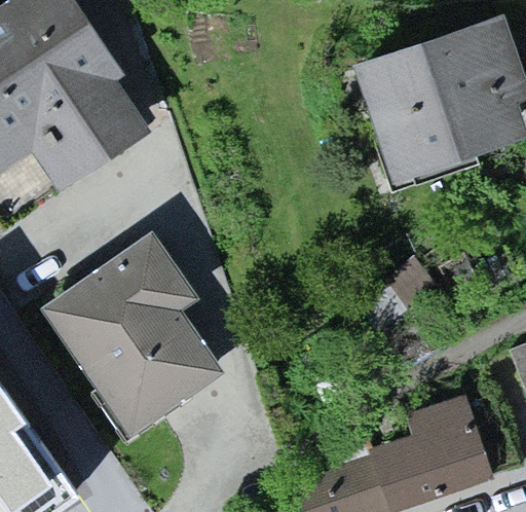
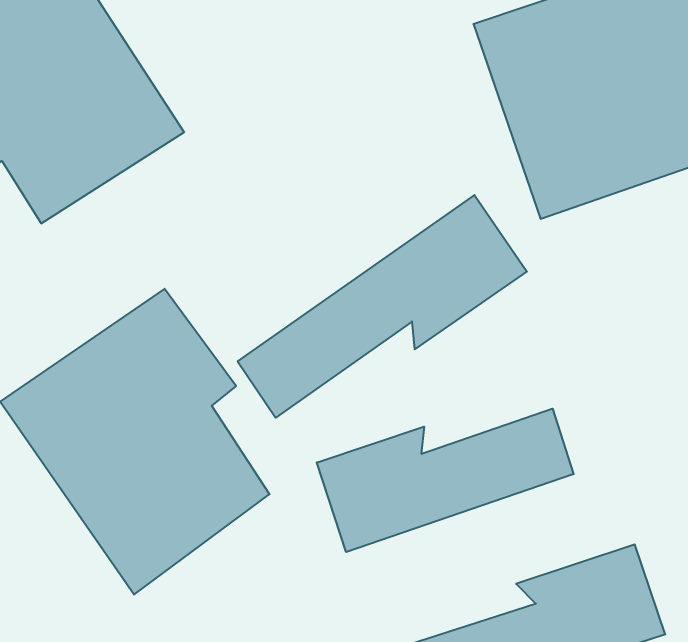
building: none -> [238,195,527,418]
building: none -> [317,409,574,552]

